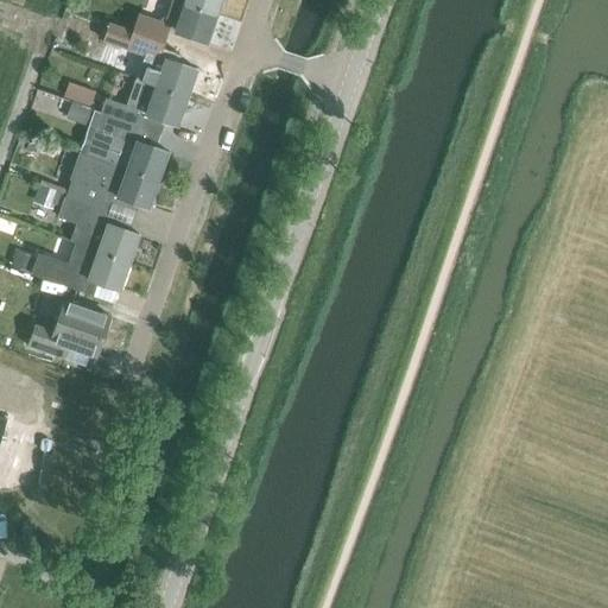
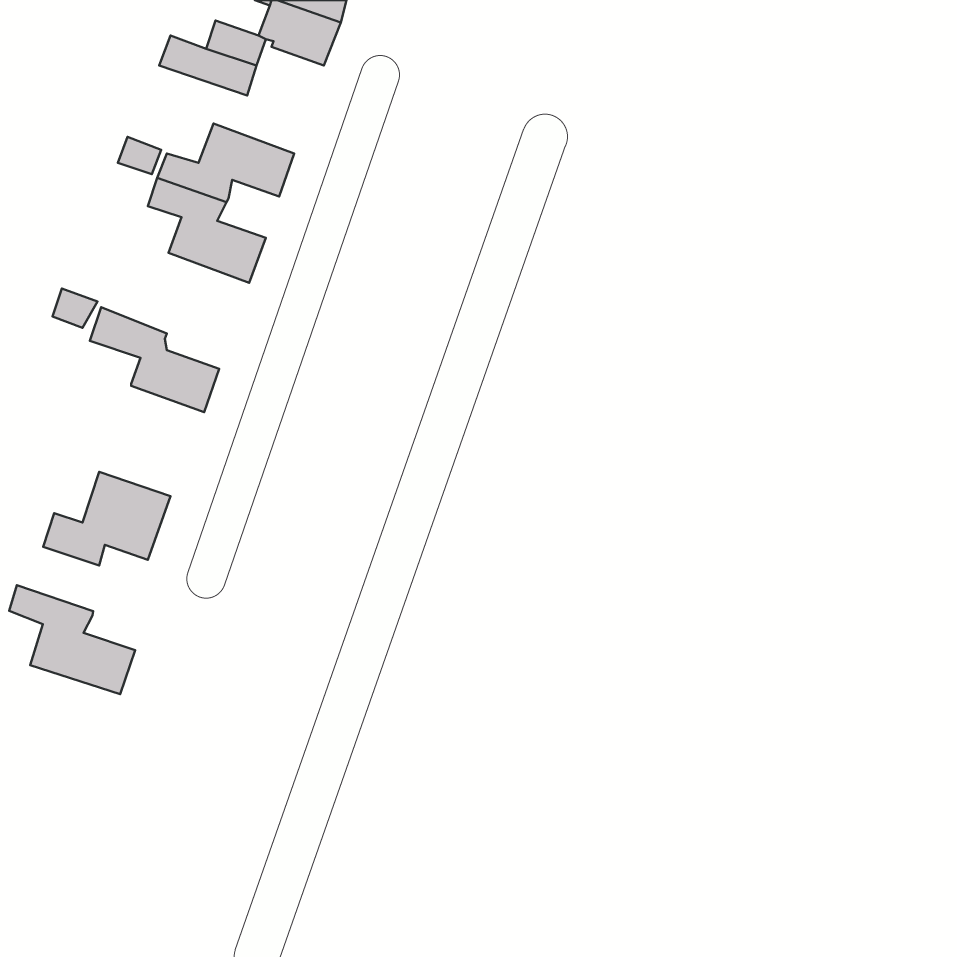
building: [135,56,197,97] -> none
building: [77,154,158,208] -> none
building: [31,242,129,298] -> none
building: none -> [9,585,135,694]

